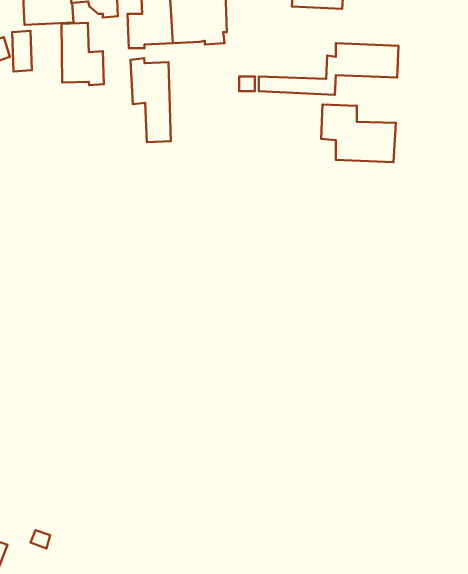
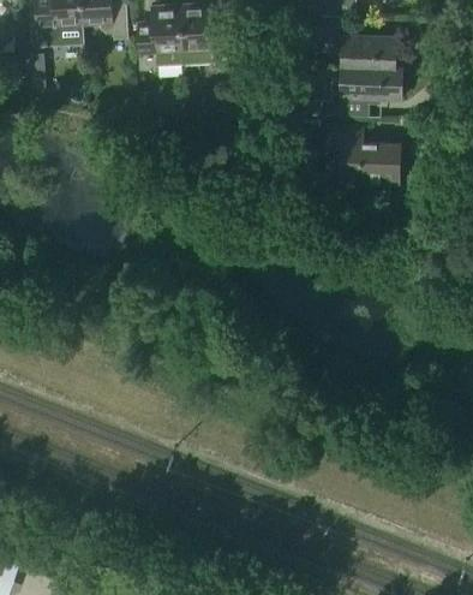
building: none -> [341,32,402,66]
building: [61,23,104,85] -> none
building: [131,58,171,142] -> none

